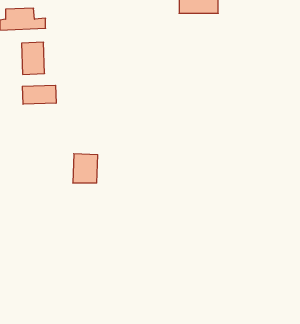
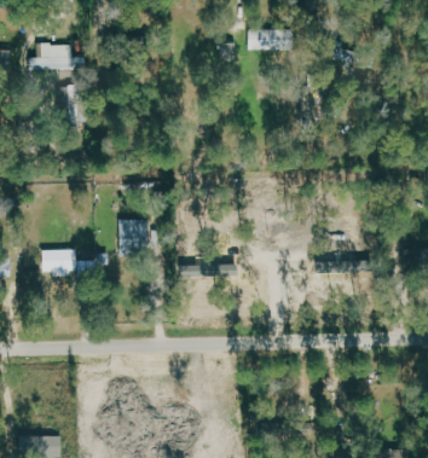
building: [22,85,56,104] -> none
building: none -> [41,249,96,278]

